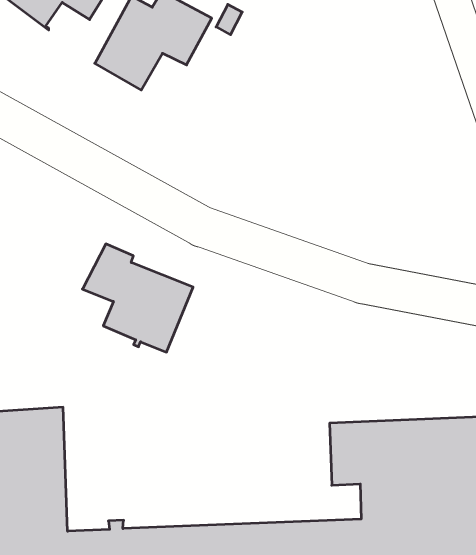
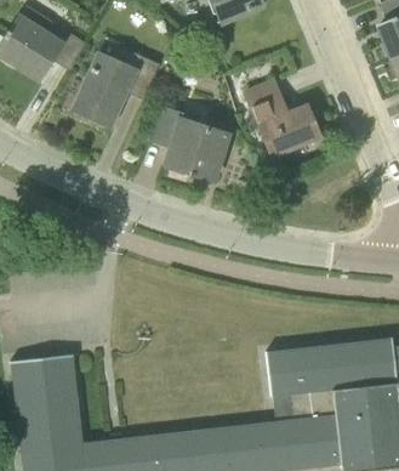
building: none -> [245,80,318,155]
building: [82,244,193,352] -> [147,104,227,180]

